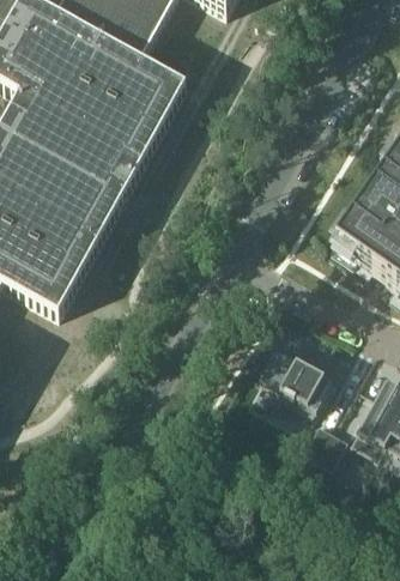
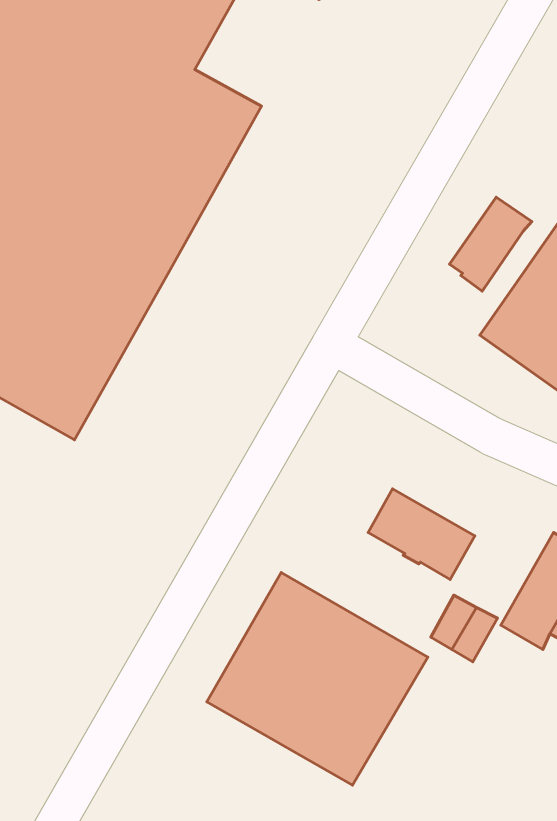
building: none -> [450,197,532,291]
building: none -> [207,572,428,785]

